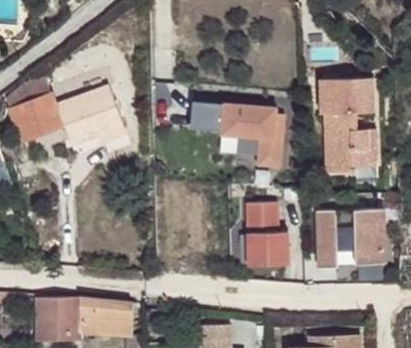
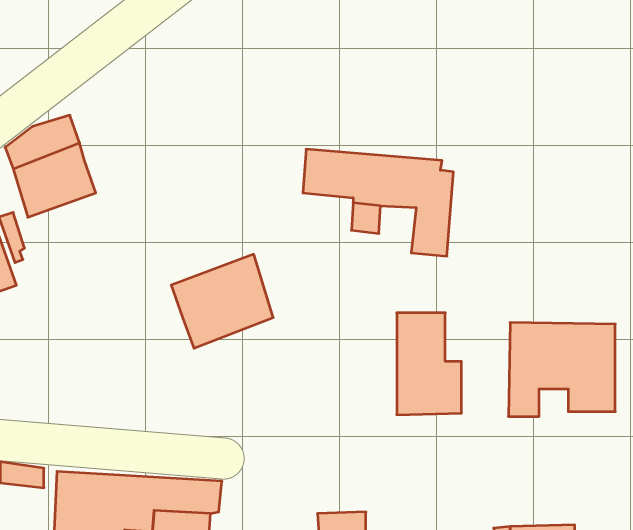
building: [323,80,378,167] -> none
building: [54,87,117,145] -> [171,254,273,348]

